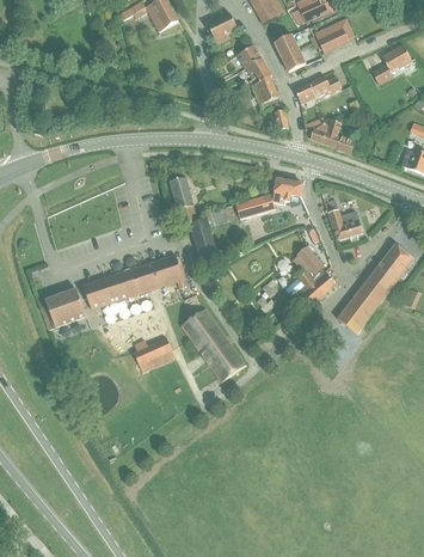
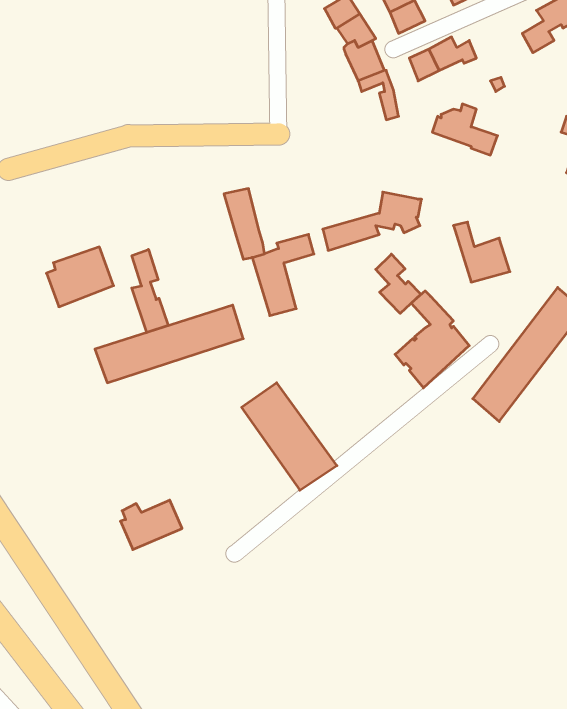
building: none -> [132,249,168,333]
building: none -> [376,254,421,313]
building: [41,288,86,329] -> [46,247,114,307]
building: [134,337,176,371] -> [120,500,182,550]

